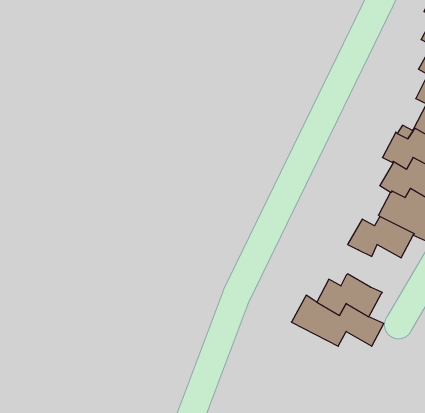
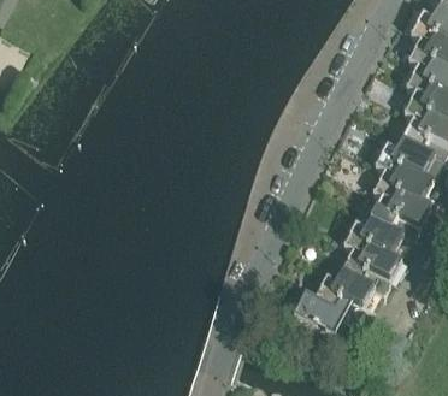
building: none -> [341,243,401,292]

